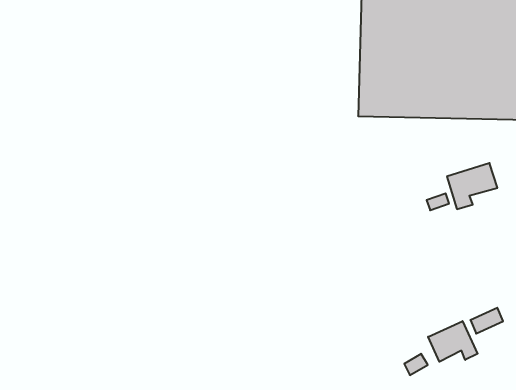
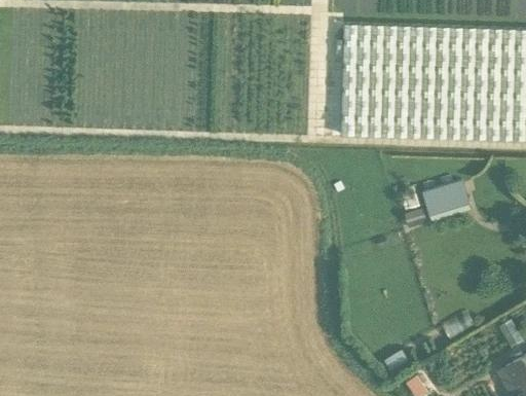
building: [428,321,478,362] -> none

